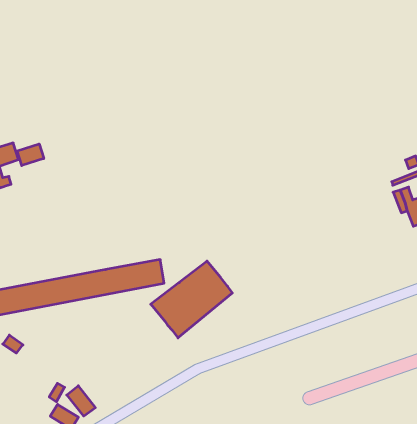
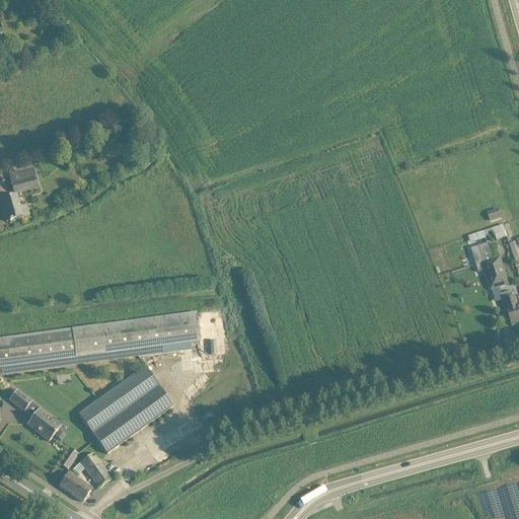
building: [17,144,44,166] -> none
building: [151,261,232,338] -> [77,366,172,453]
building: none -> [26,407,60,440]

